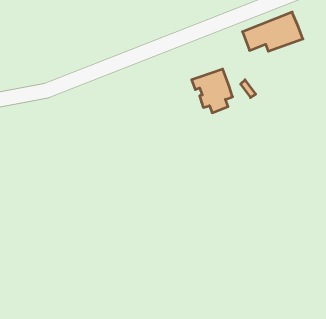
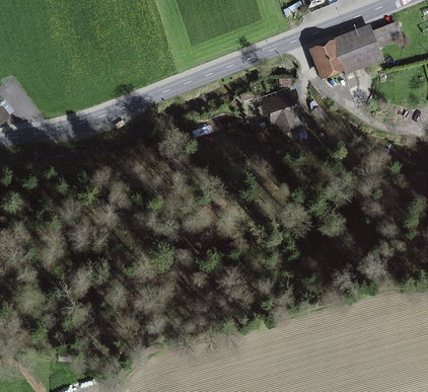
building: none -> [371,23,400,47]

